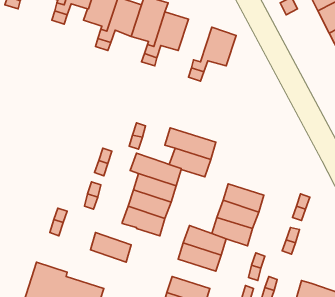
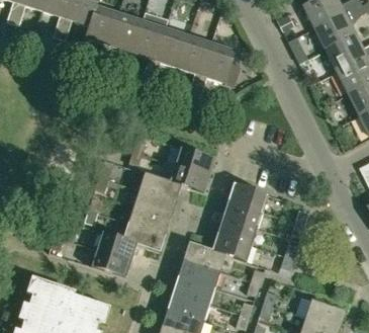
building: none -> [178,35,211,78]
building: none -> [227,182,268,211]
building: none -> [96,231,136,260]
building: none -> [172,274,215,304]

